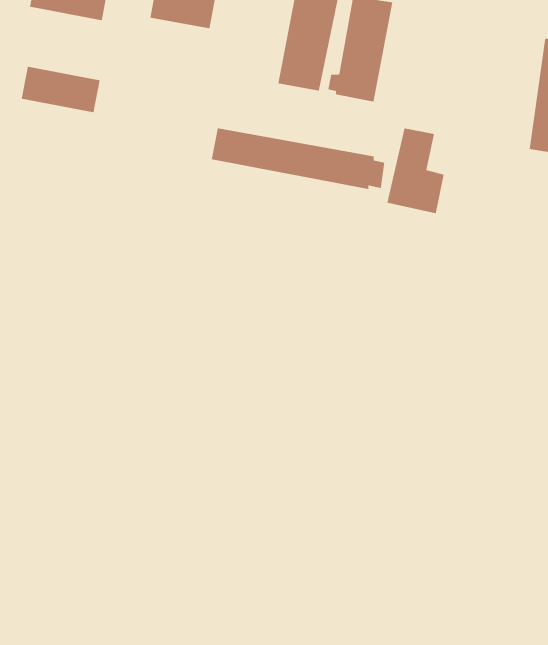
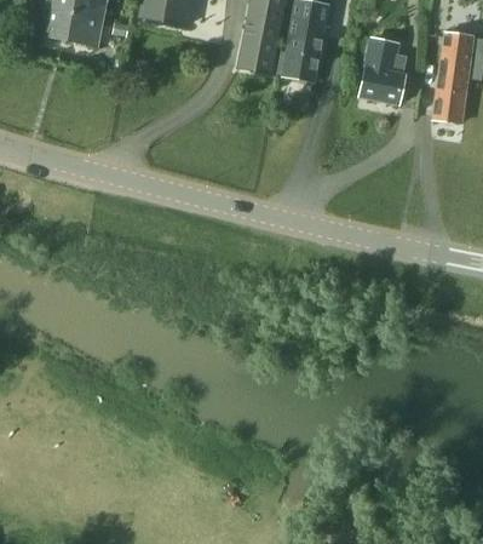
building: [21,66,101,113] -> [41,7,103,44]
building: [211,127,385,190] -> none
building: [387,128,444,214] -> [360,38,404,104]

